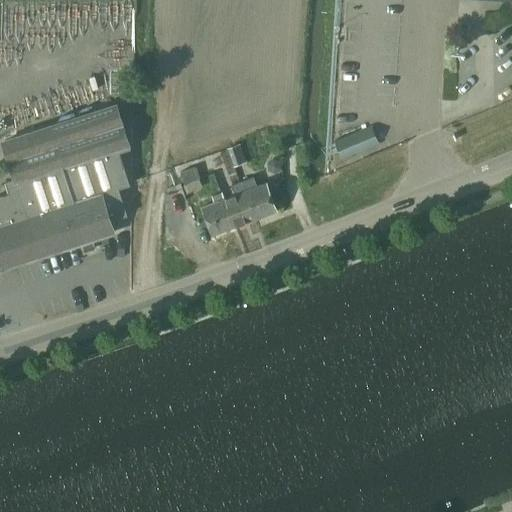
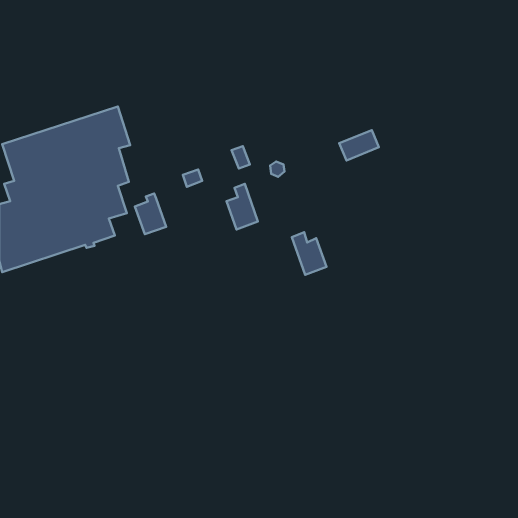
building: [241,177,275,219] -> [292,232,326,275]
building: [202,194,233,234] -> [135,193,166,234]

